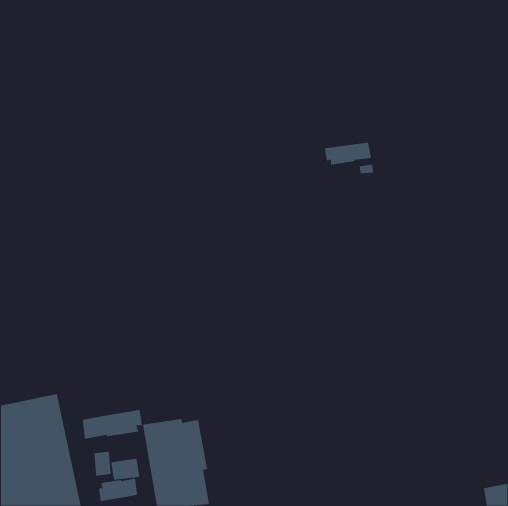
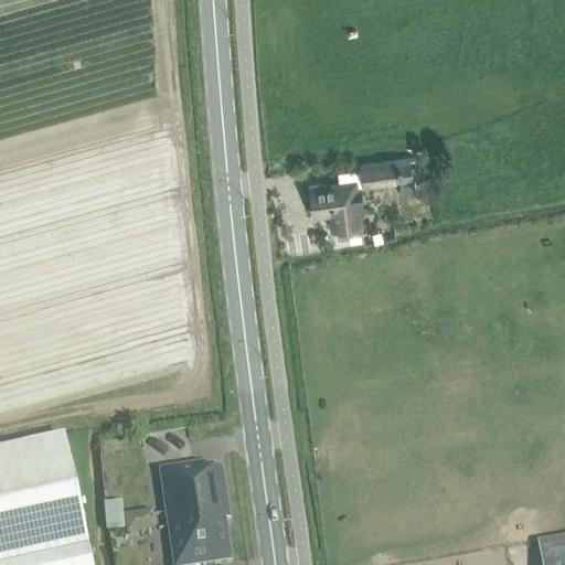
building: none -> [308,166,363,228]
building: [82,409,142,440] -> none
building: [98,478,138,502] -> none

